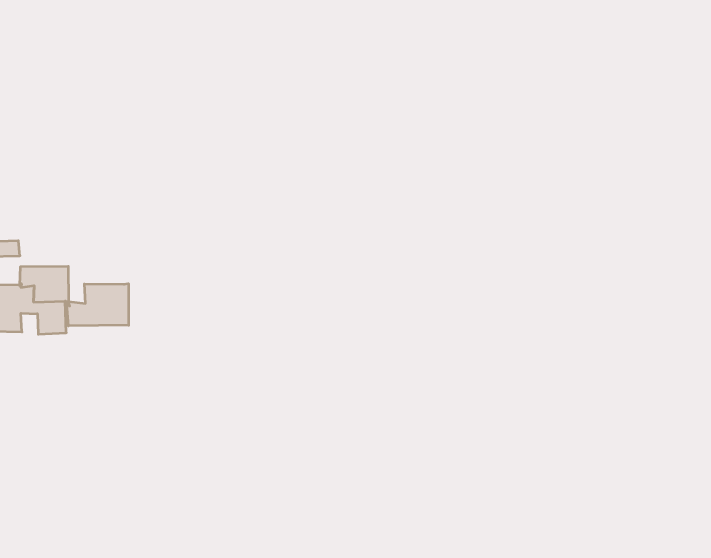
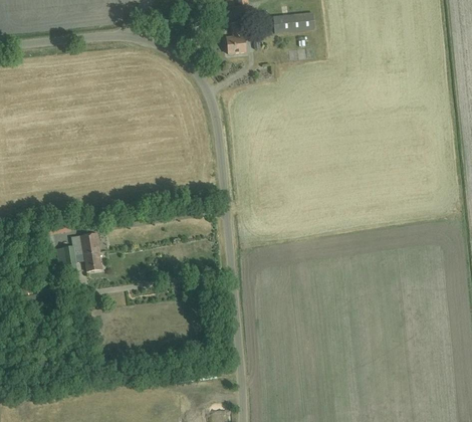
building: [67,284,129,326] -> none

